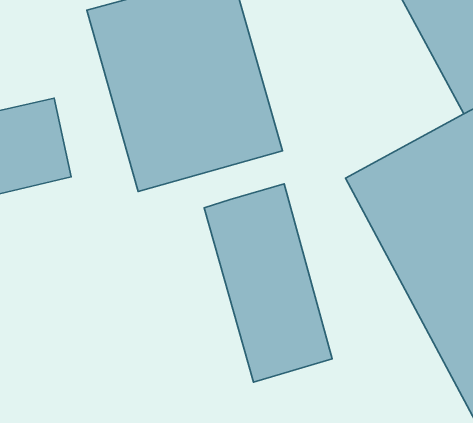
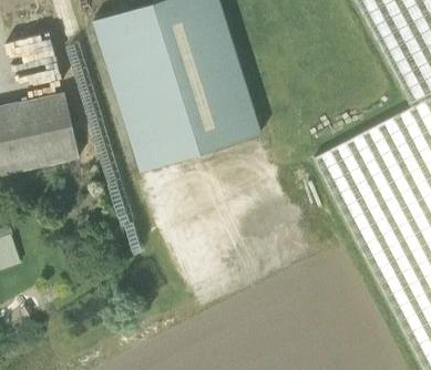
building: [204,184,332,382] -> none

